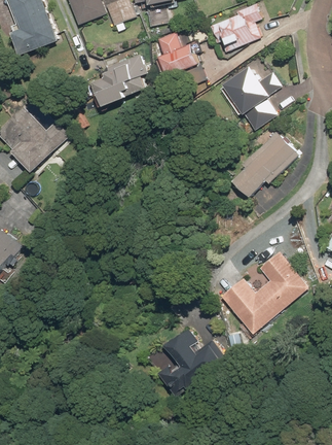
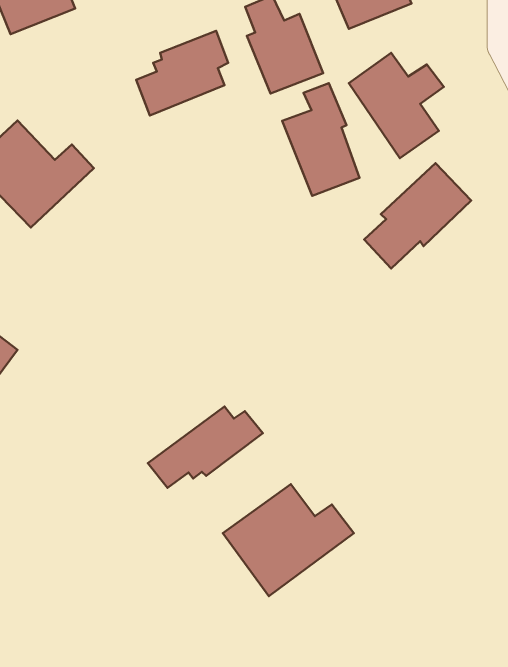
building: none -> [282,83,359,196]
building: [219,252,307,335] -> none
building: none -> [148,407,263,488]

